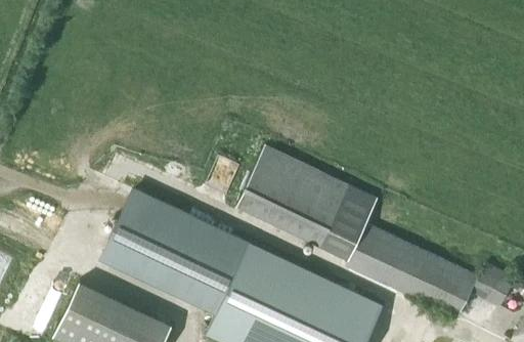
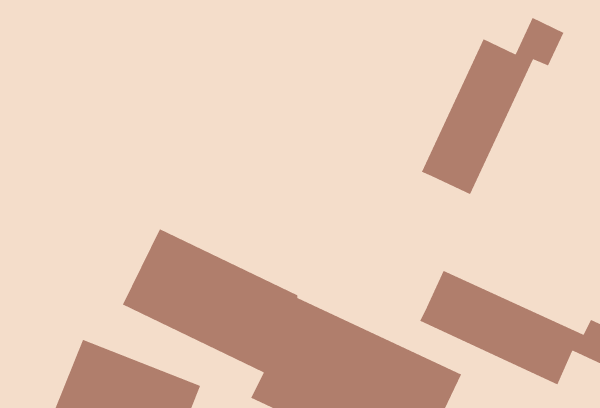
building: none -> [421,17,564,195]
building: [236,146,378,258] -> none

